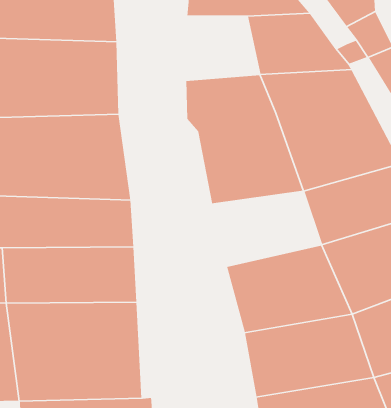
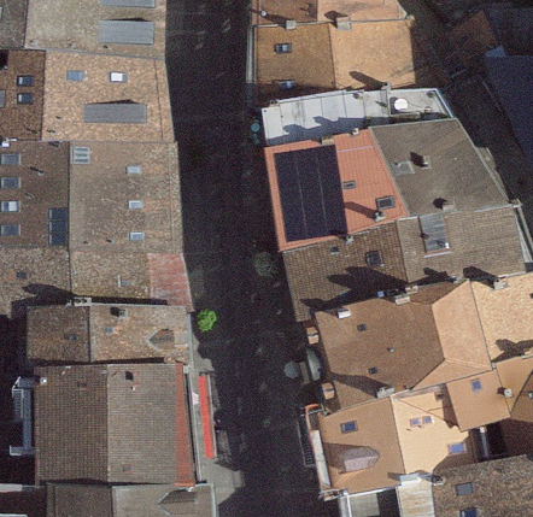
building: none -> [252,27,342,105]
building: none -> [283,240,417,331]

